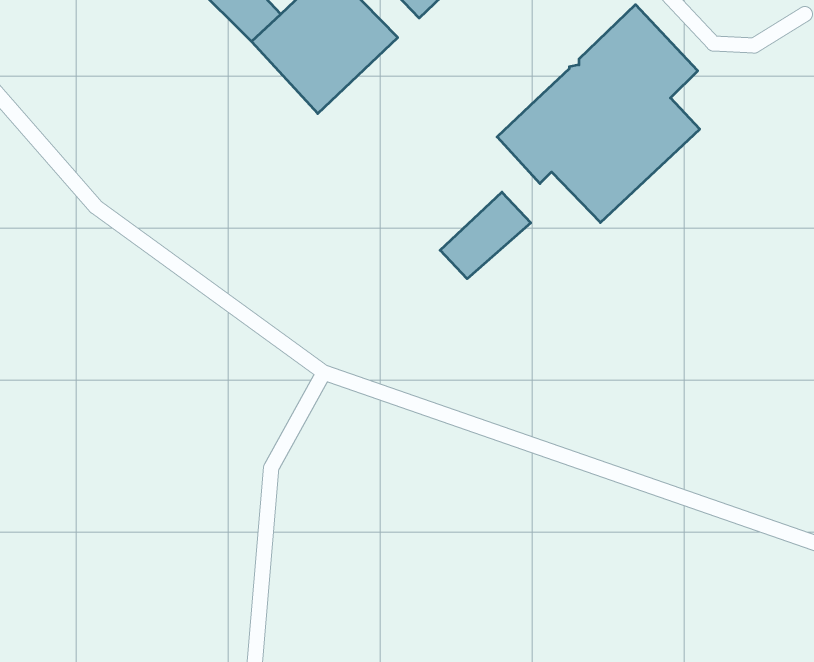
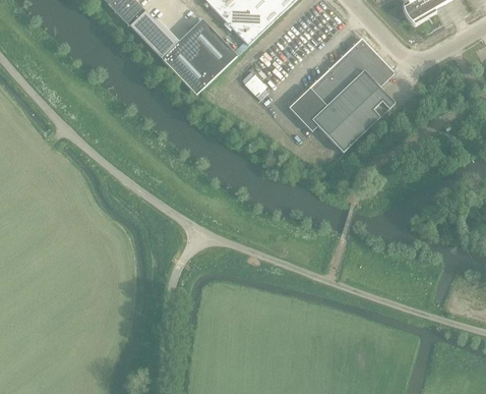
building: [440,192,531,279] -> none

